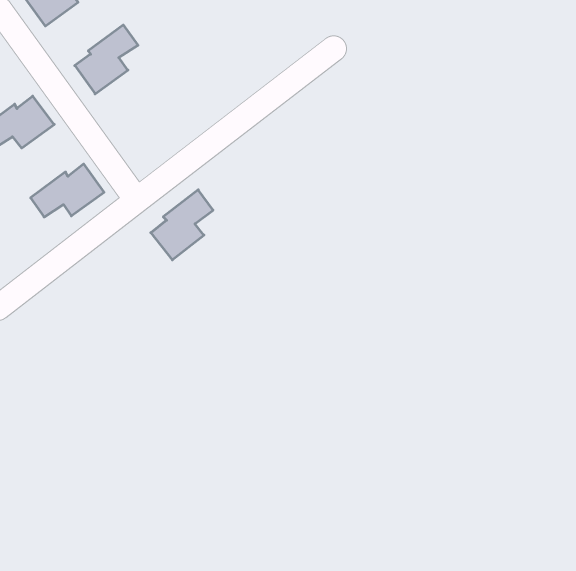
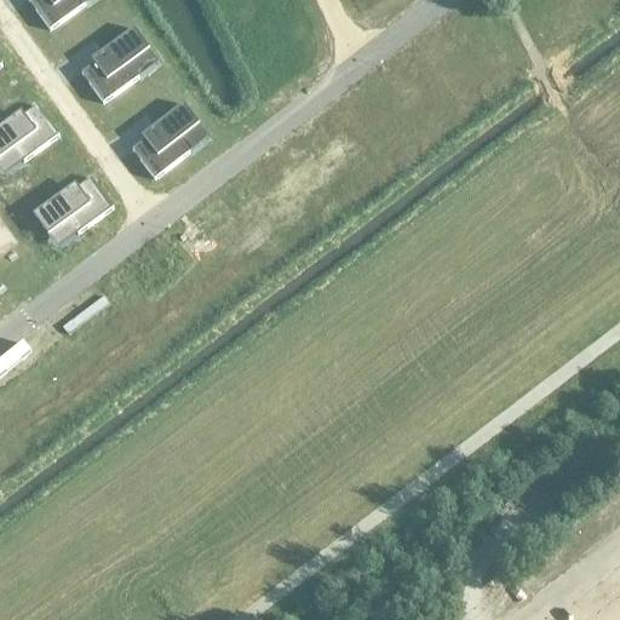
building: [151,190,213,260] -> [131,102,197,177]

